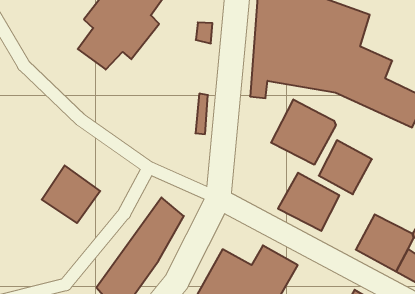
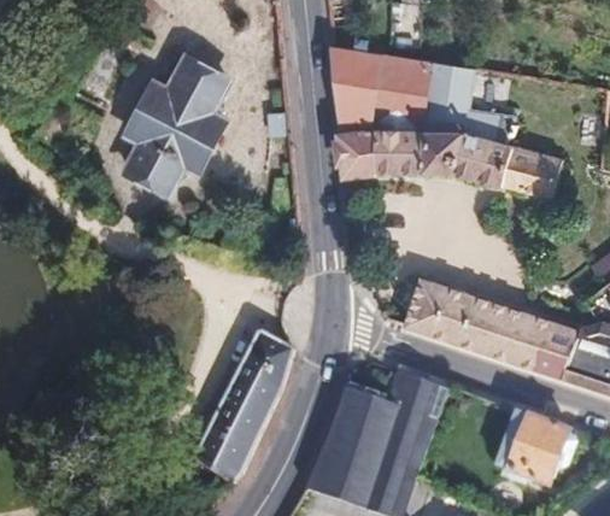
building: [271,99,336,165] -> none
building: [319,140,372,194] -> [461,297,522,359]
building: [42,165,100,223] -> none

